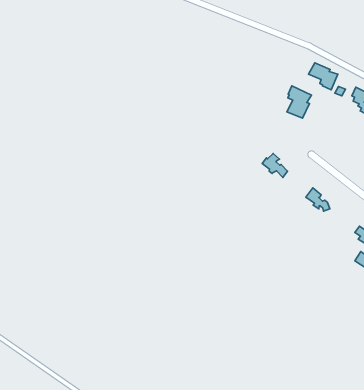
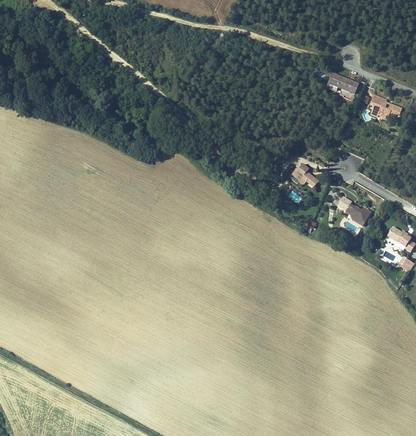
building: [287,86,312,118] -> none

